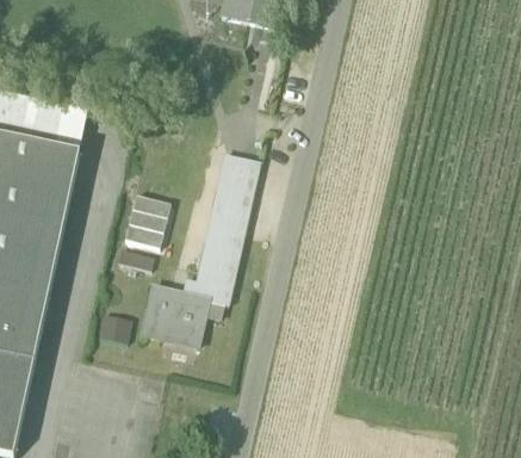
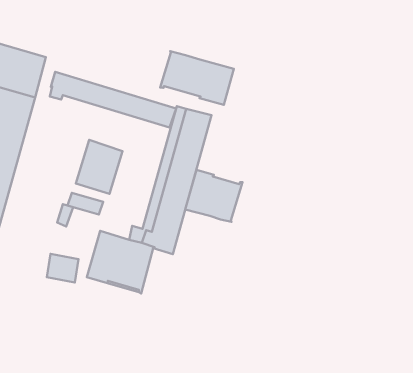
building: none -> [160,51,234,105]
building: none -> [50,72,176,128]
building: none -> [185,170,242,222]

